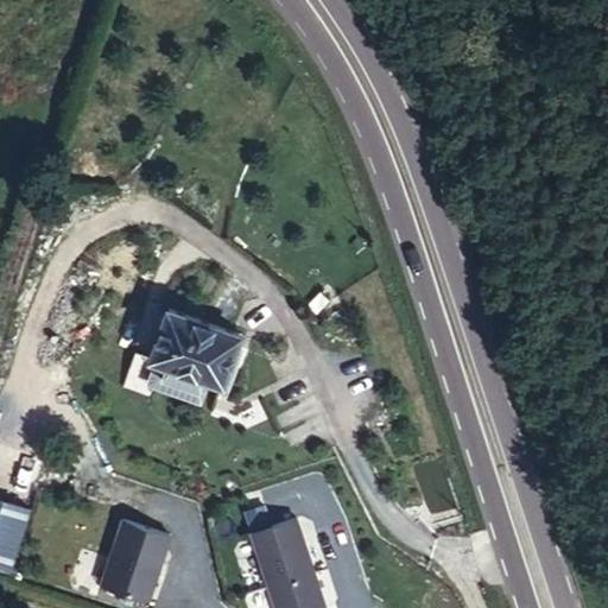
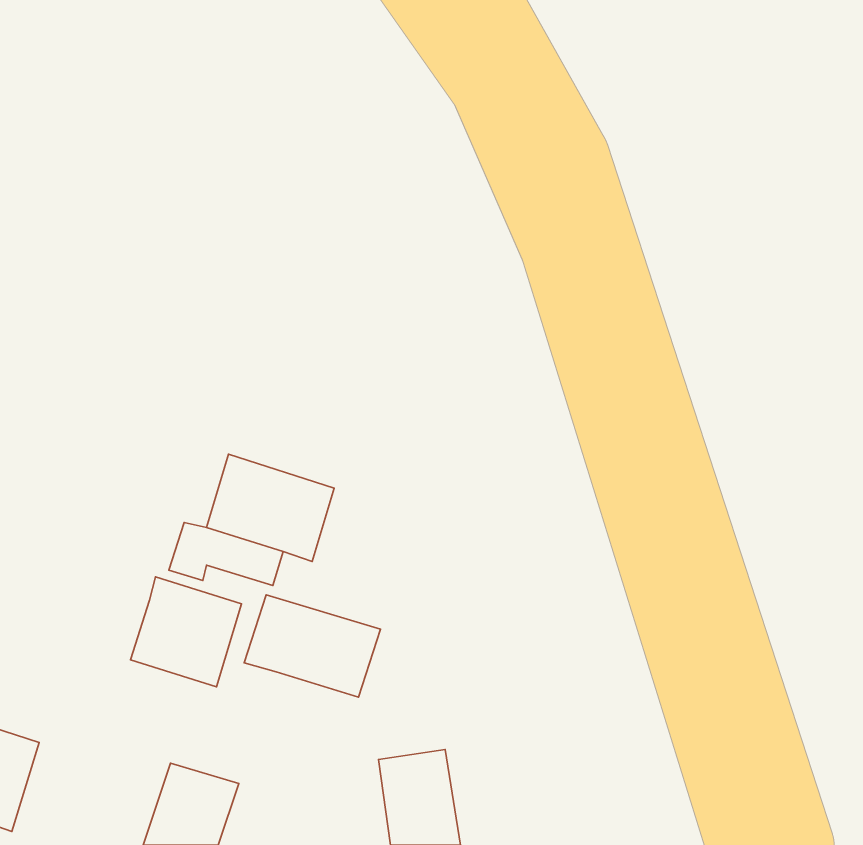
building: none -> [131,577,241,687]
building: none -> [244,595,380,697]

